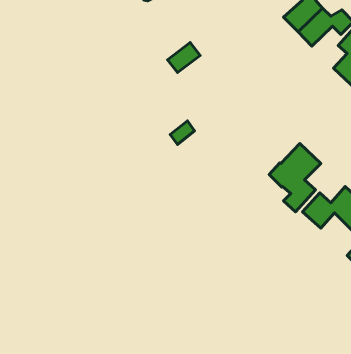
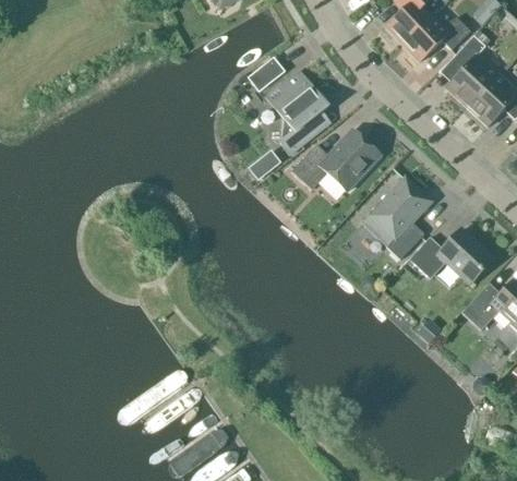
building: none -> [266,70,328,154]
building: none -> [291,130,381,191]

